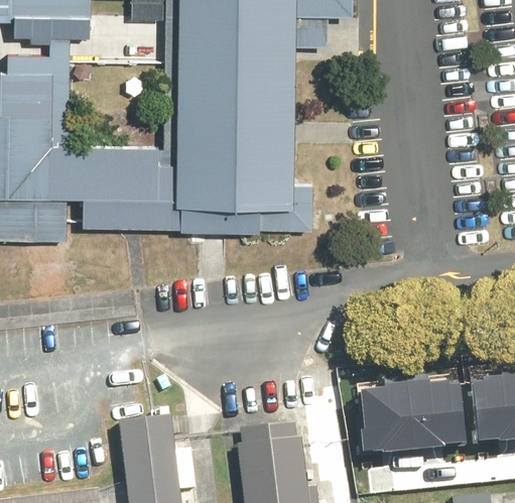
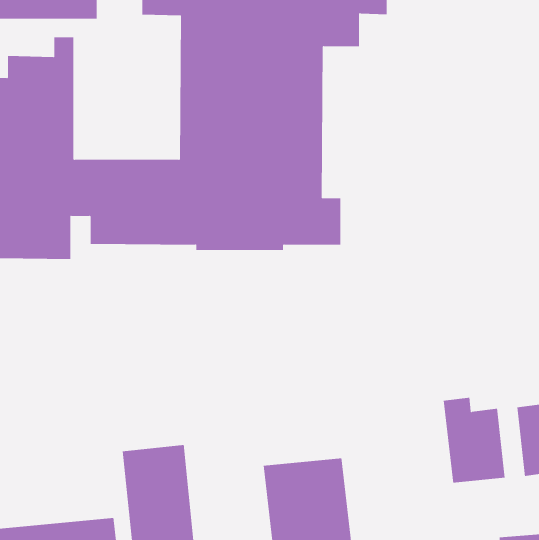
building: [358,371,414,452] -> none

